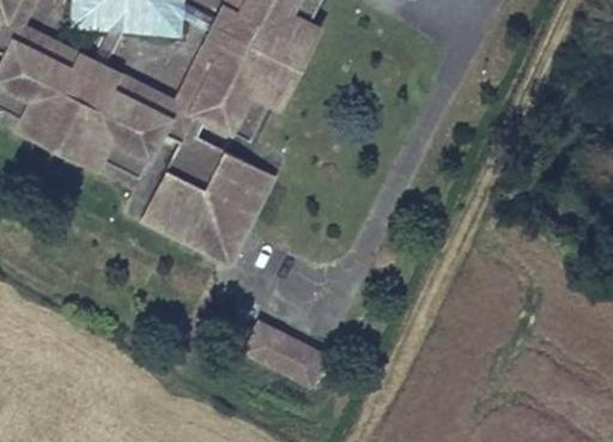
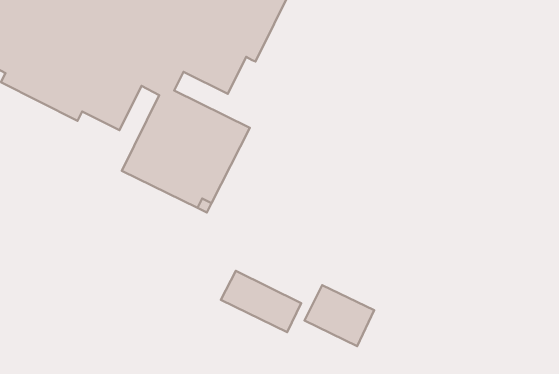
building: none -> [305,285,374,346]

